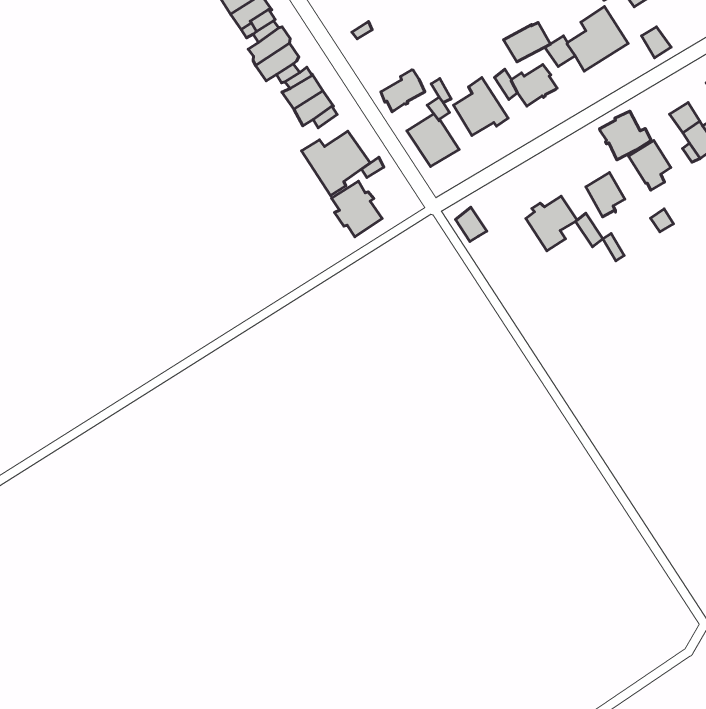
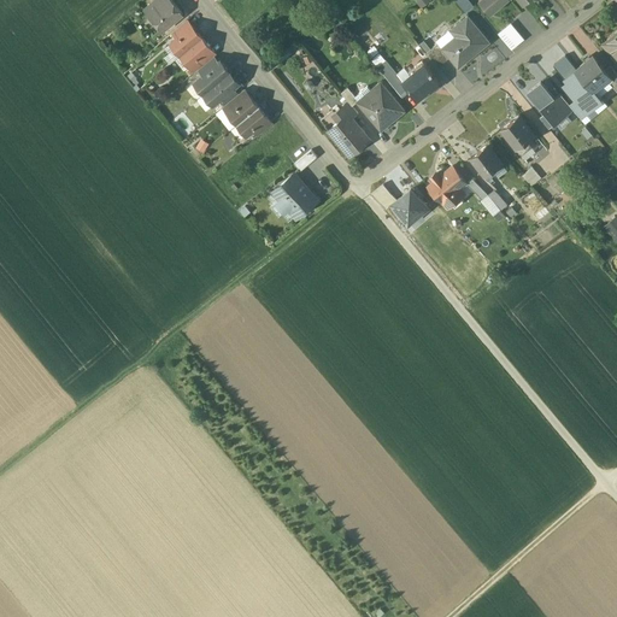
building: [503,23,550,62] -> none
building: [381,70,425,112] -> none
building: [599,111,651,160] -> none
building: [302,131,370,195] -> none
building: none -> [392,189,428,227]

